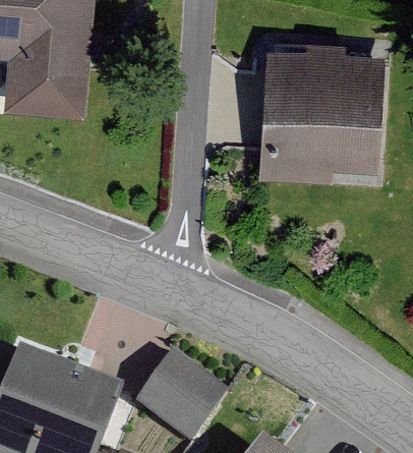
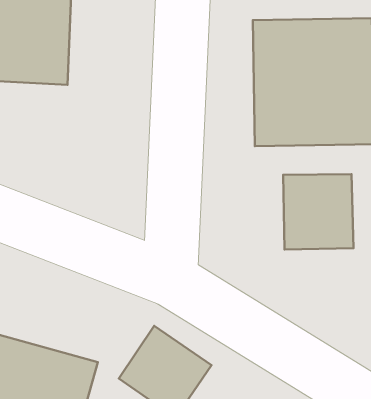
building: none -> [283,174,354,250]

